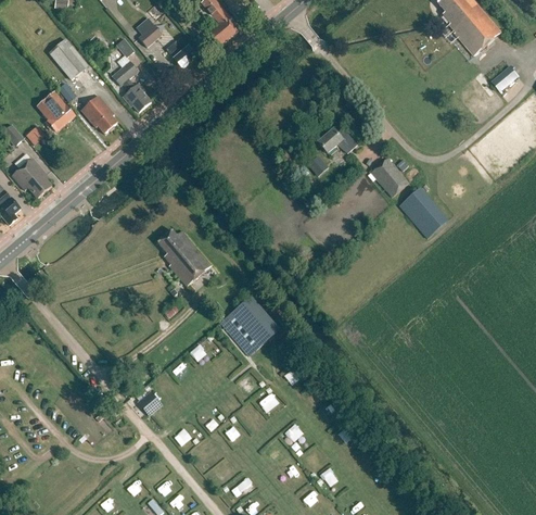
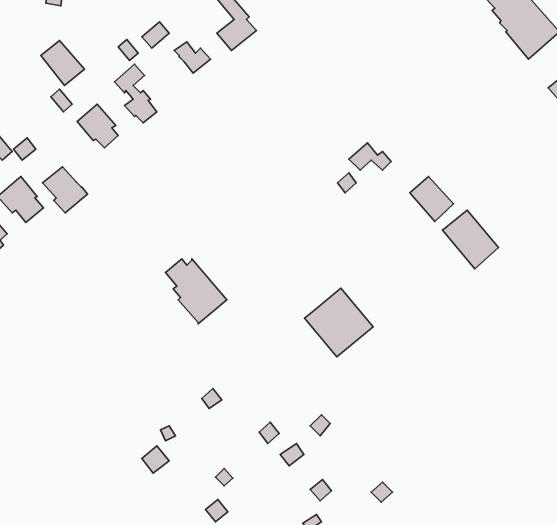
building: [37,91,76,131] -> [43,167,87,213]
building: [220,296,280,355] -> [305,288,373,357]

